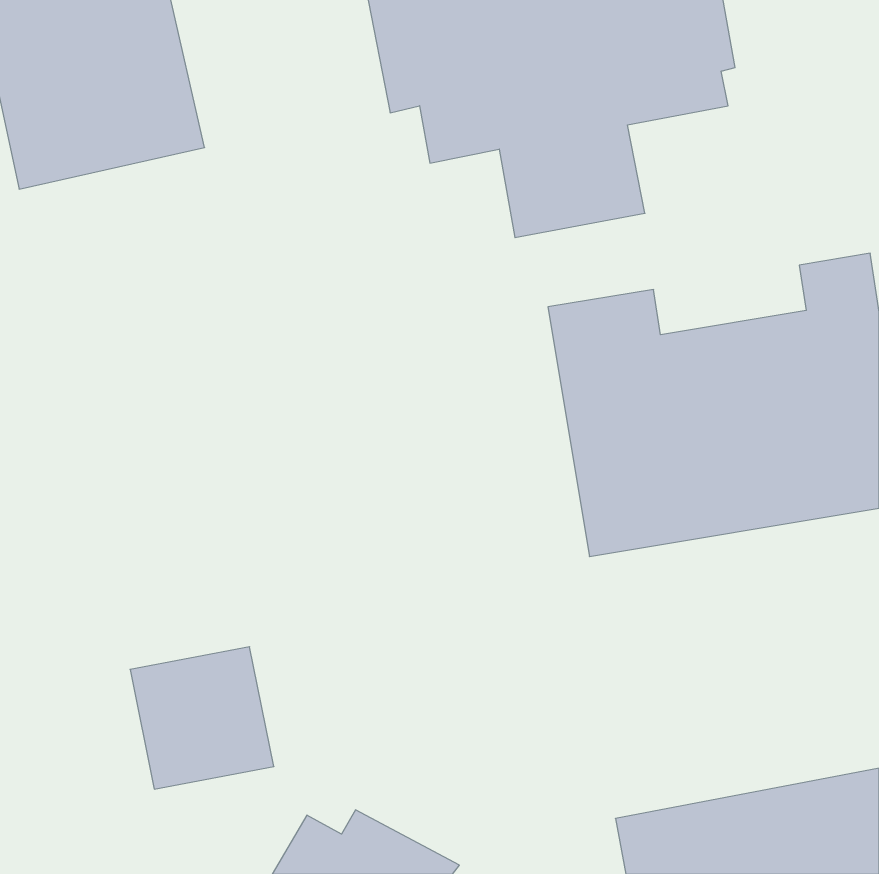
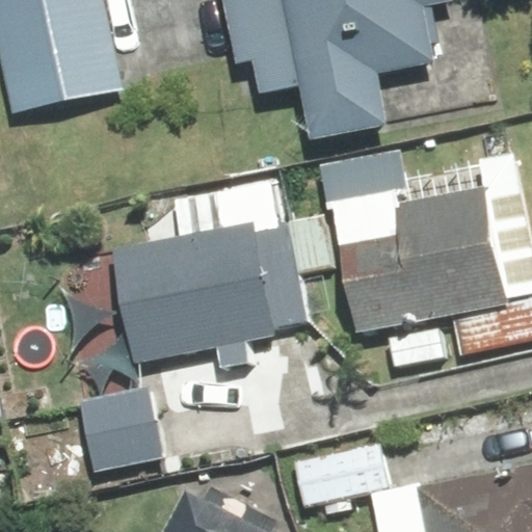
building: none -> [112,219,275,364]

